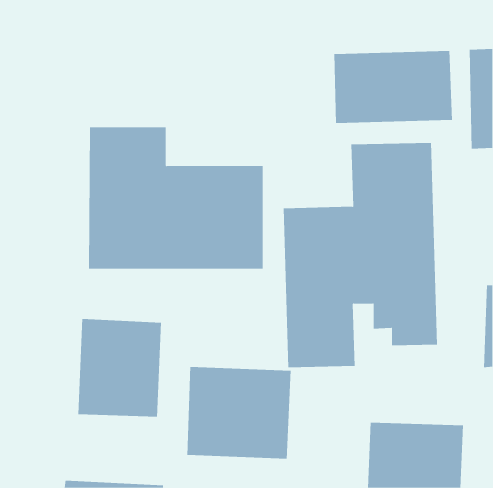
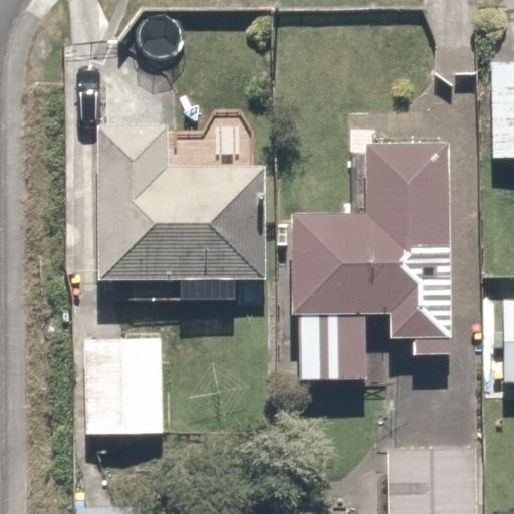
building: [334,50,453,124] -> none
building: [187,366,291,460] -> none

